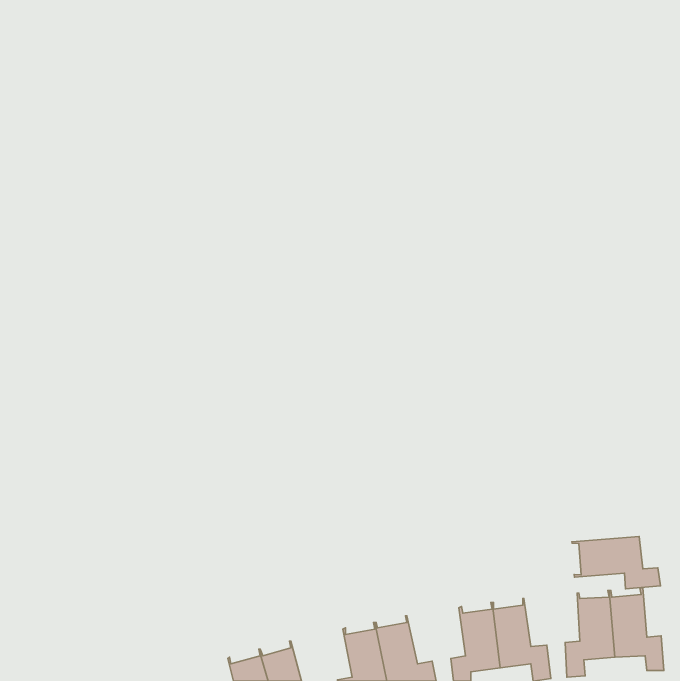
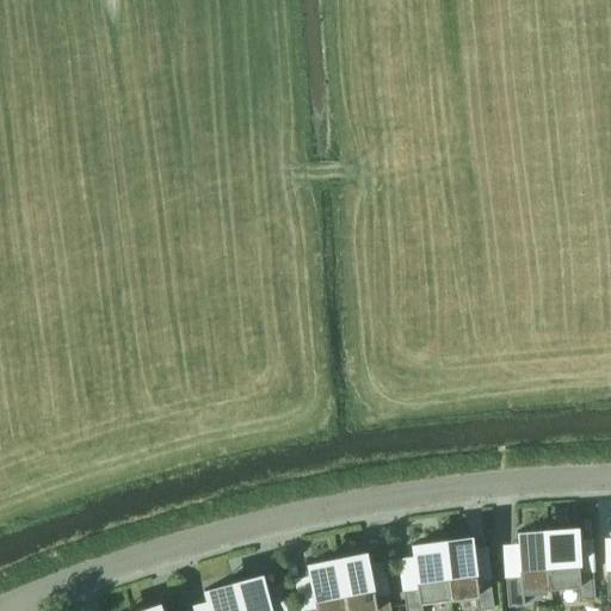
building: [572,536,661,589] -> none

